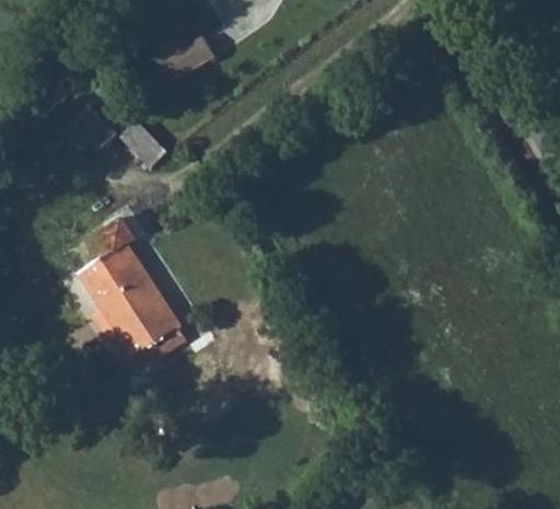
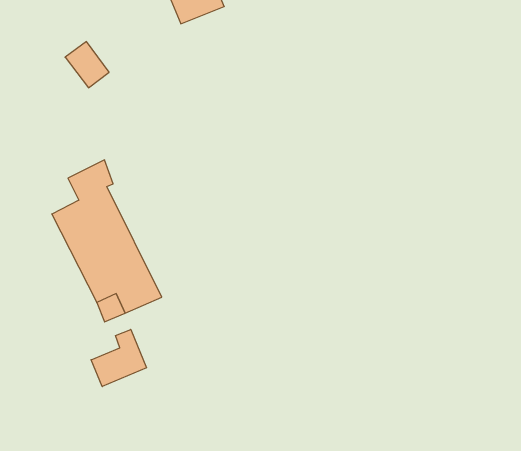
building: [117,119,164,169] -> none
building: none -> [91,329,147,387]

